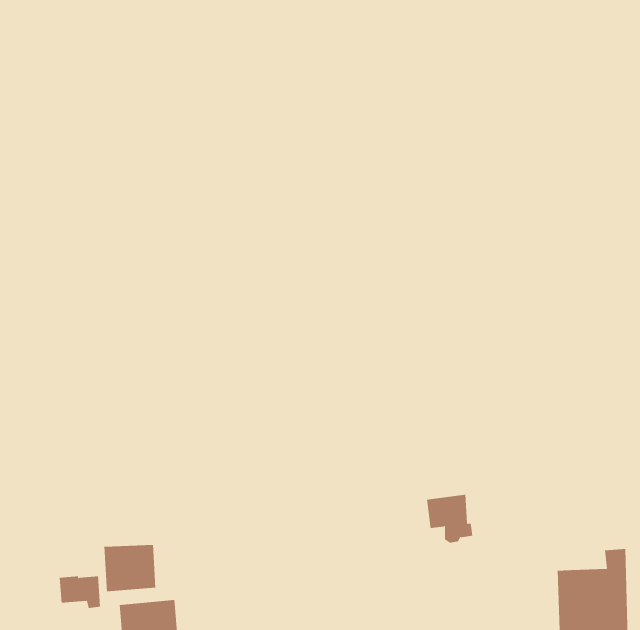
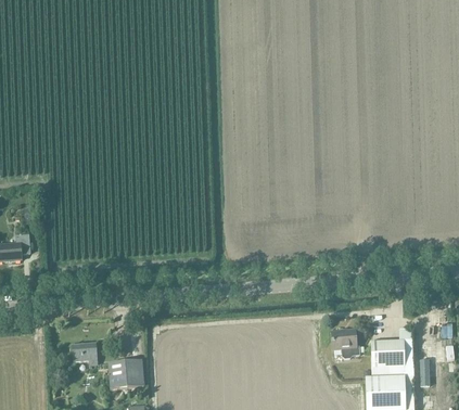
building: [426,494,473,543] -> [331,329,359,358]
building: [104,544,156,592] -> none

